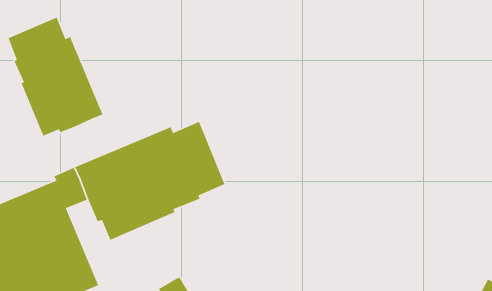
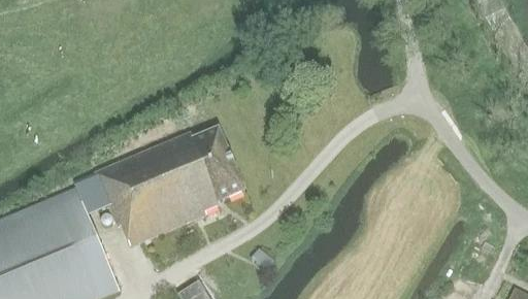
building: [7,17,104,137] -> none

